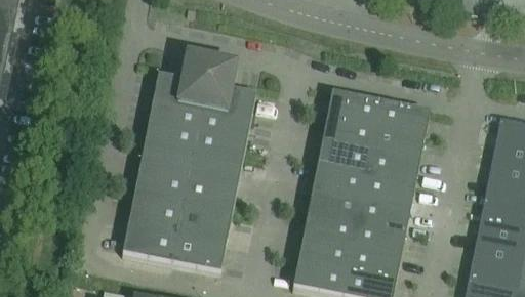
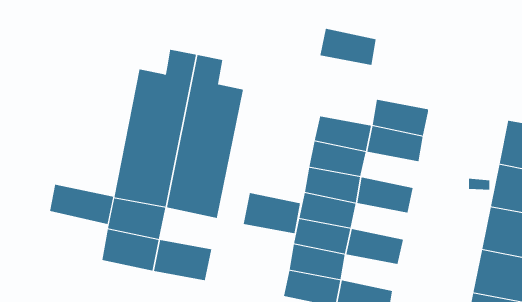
building: [327,90,380,125] -> [320,28,376,65]
building: [366,150,420,183] -> none
building: none -> [49,184,114,225]
building: [357,198,410,231] -> none
building: [177,202,232,241] -> [243,192,301,234]
building: [348,246,401,280] -> none

